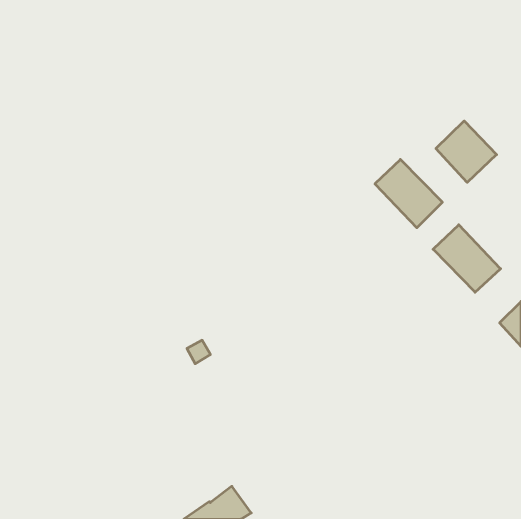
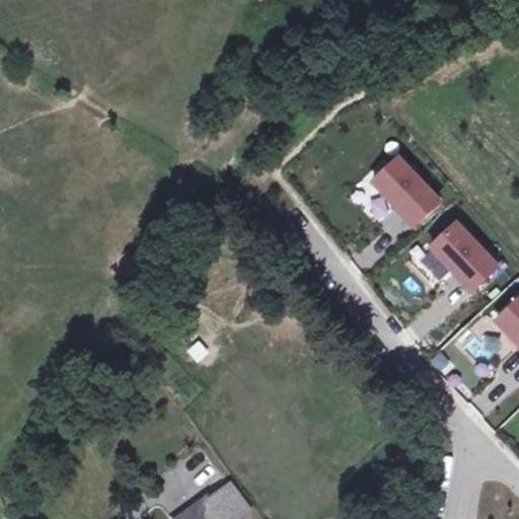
building: [436,121,497,182] -> none

